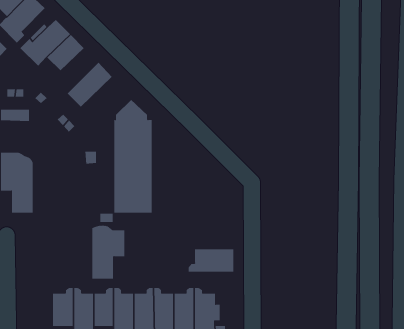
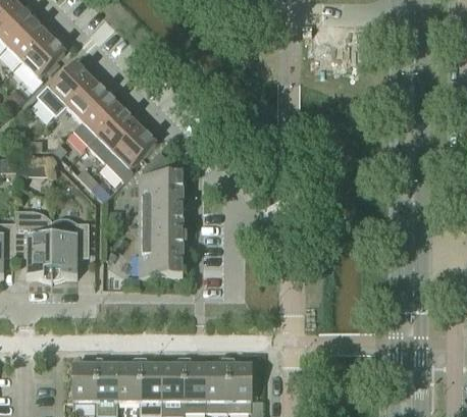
building: none -> [74,96,124,146]
building: none -> [105,127,157,180]
building: [92,225,125,279] -> [53,218,90,277]
building: [188,248,234,273] -> none

